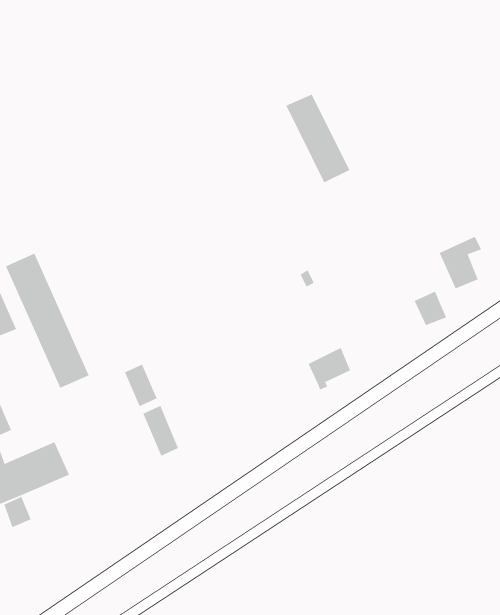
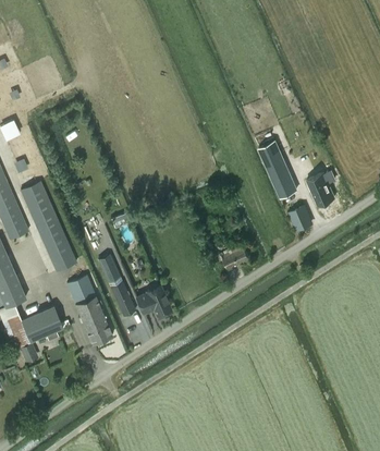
building: [286,94,350,183] -> [257,143,299,202]
building: none -> [66,276,112,345]
building: none -> [136,285,170,315]

